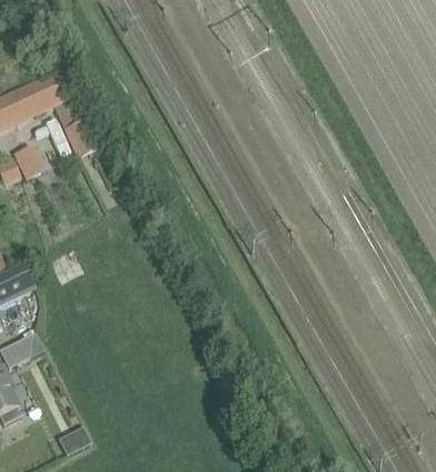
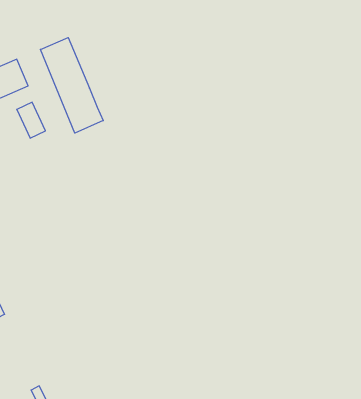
building: none -> [40,38,103,133]

